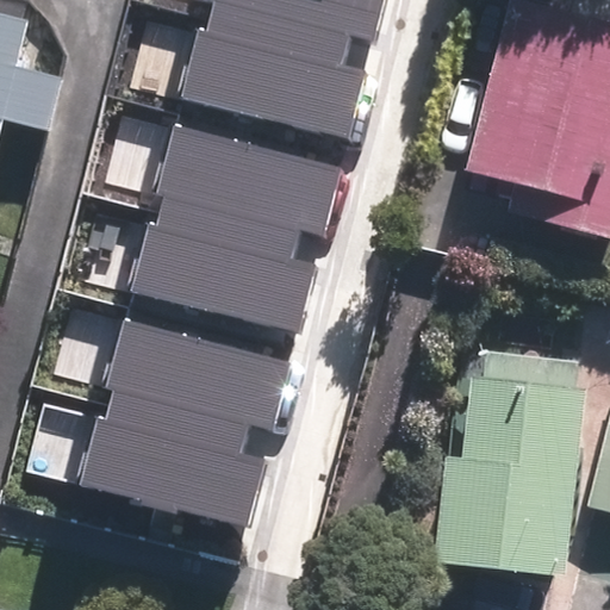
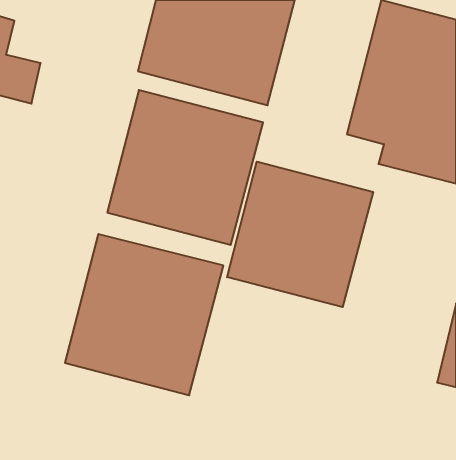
building: none -> [227,162,373,307]
building: [423,354,575,575] -> none

